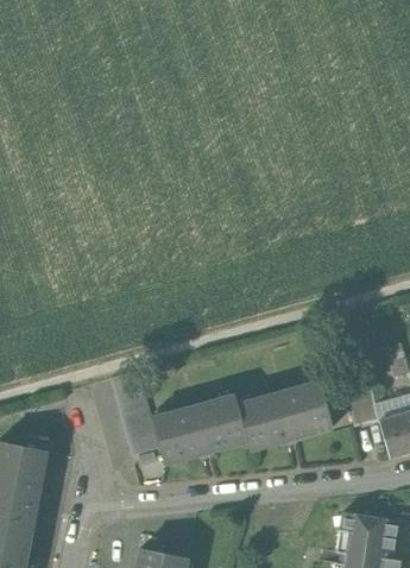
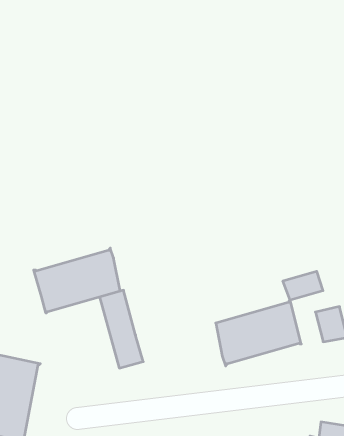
building: none -> [283,271,323,300]
building: [152,396,246,466] -> [34,248,120,313]

